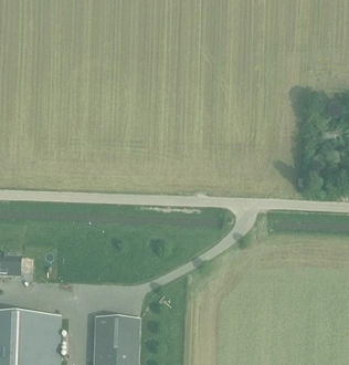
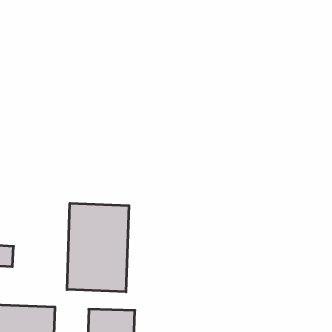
building: none -> [67,203,129,292]

